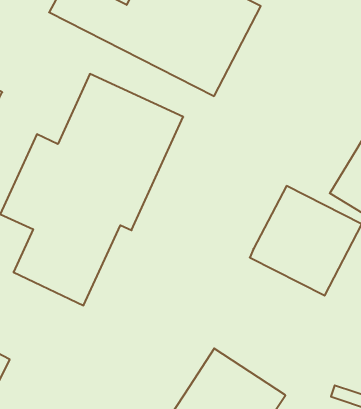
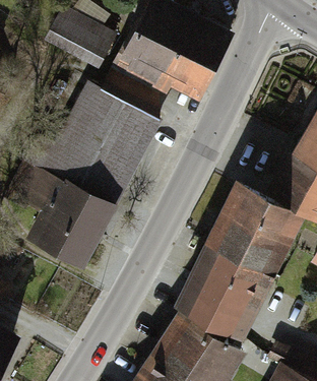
building: none -> [184,236,276,326]

